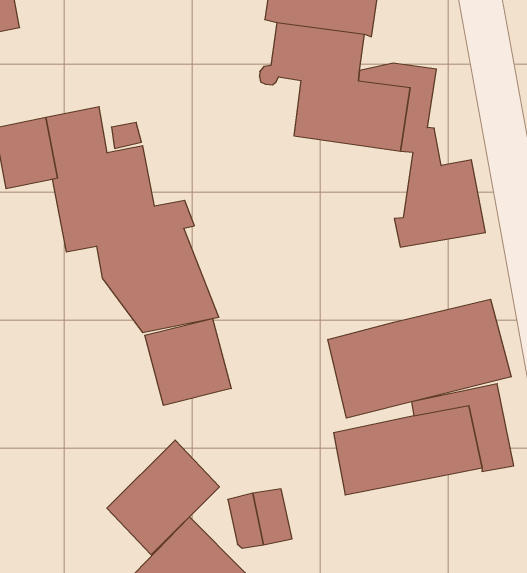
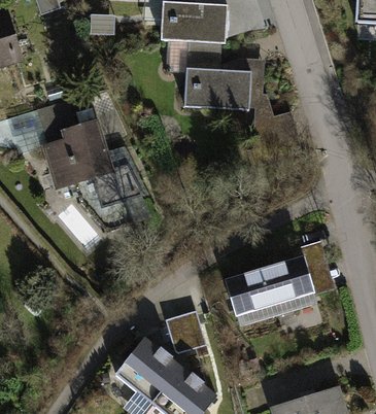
building: [328,299,511,418] -> none
building: [145,318,231,405] -> none
building: [107,440,219,555] -> none

